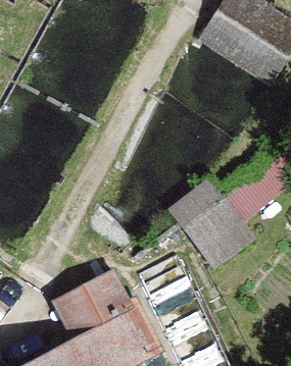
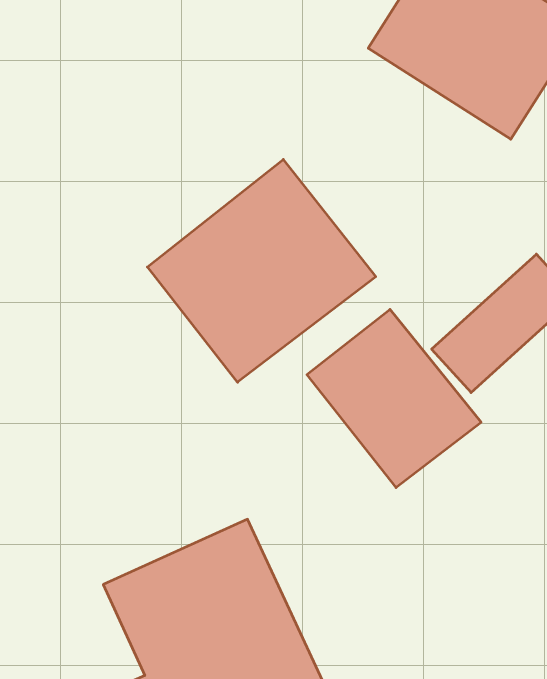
building: none -> [147,159,376,382]

